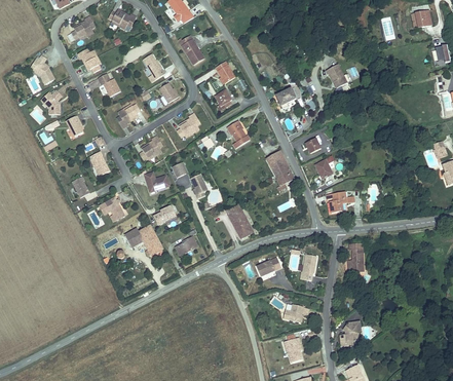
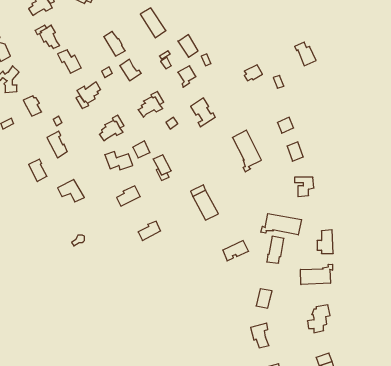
building: [124,225,162,255] -> none
building: none -> [261,214,302,235]
building: none -> [301,264,333,285]

